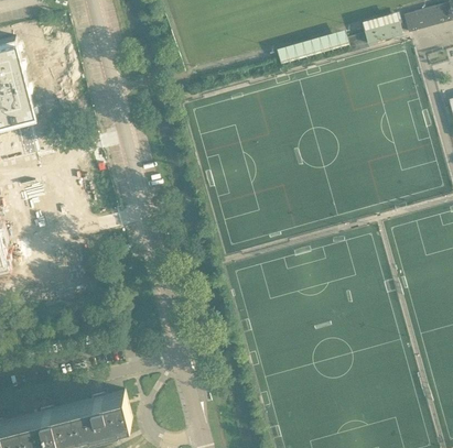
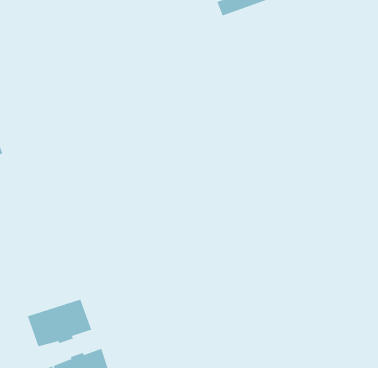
building: none -> [27,298,92,347]

